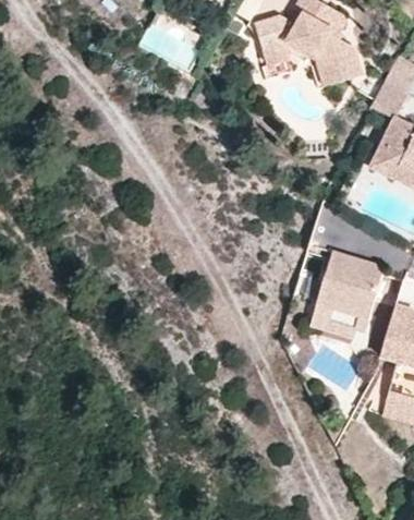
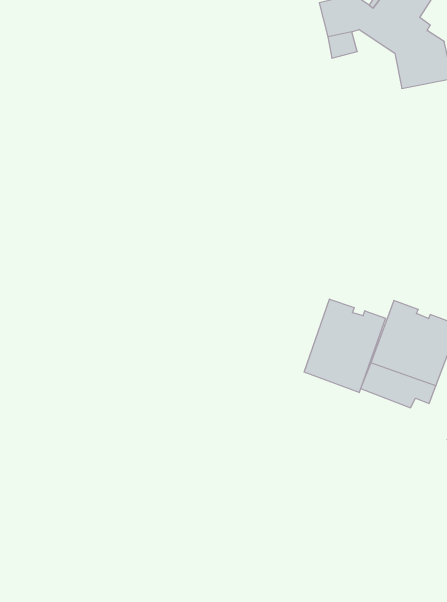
building: none -> [304,299,386,393]

